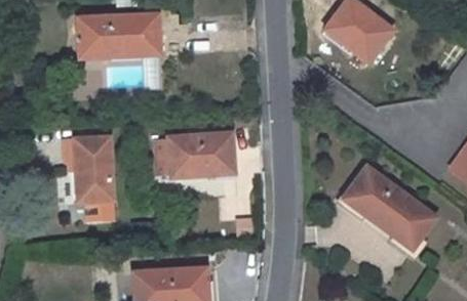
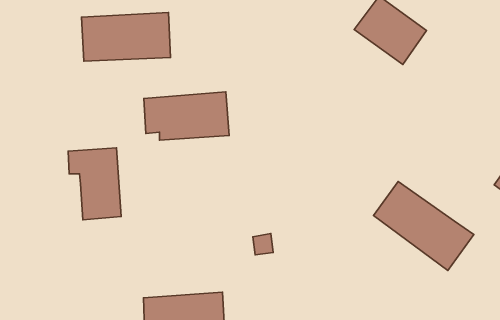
building: [156,133,234,177] -> [144,92,229,140]

